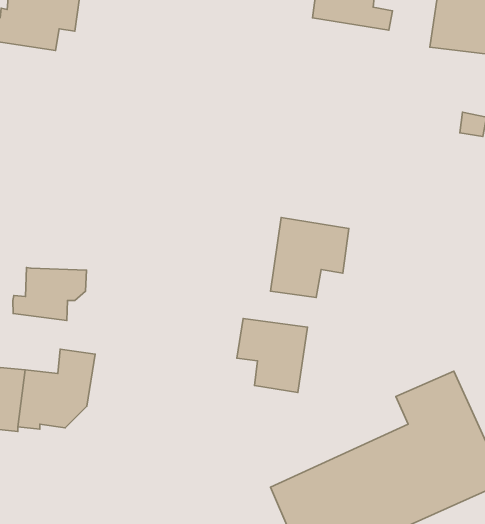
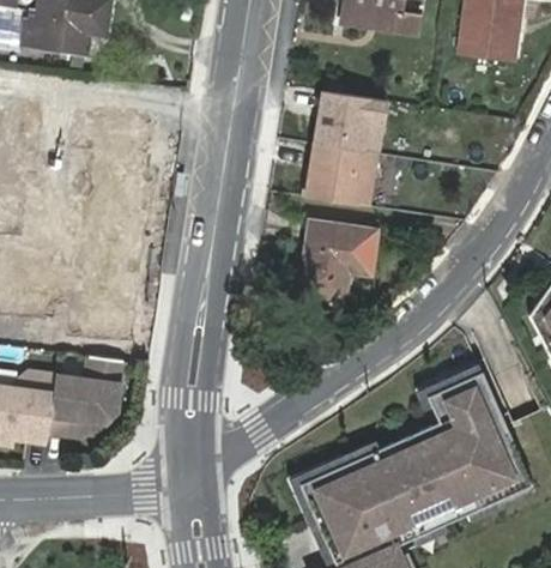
building: none -> [301,90,387,206]
building: [13,267,86,320] -> none
building: [237,319,307,393] -> none

